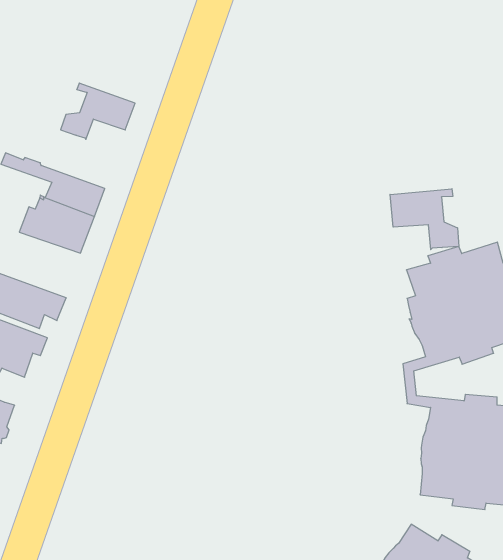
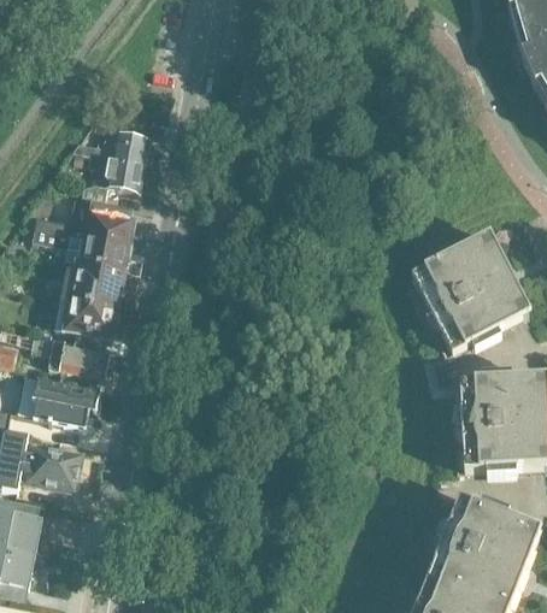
building: none -> [78,128,151,164]
building: none -> [36,201,135,244]
building: [390,189,459,250] -> none
building: none -> [55,296,118,344]

